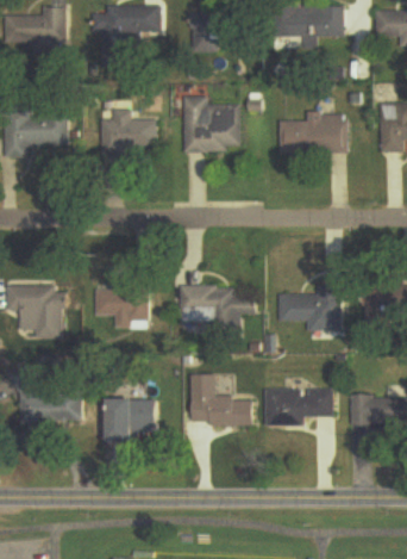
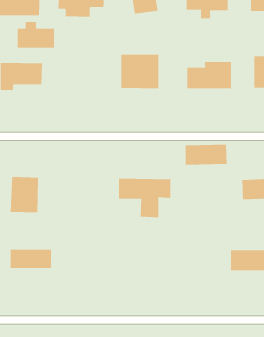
building: [101,111,157,150] -> [17,22,55,48]
building: [90,282,150,323] -> none
building: [277,293,340,324] -> [185,144,228,165]
building: [188,372,251,423] -> none
building: [262,387,330,422] -> none
building: [105,393,152,436] -> none

